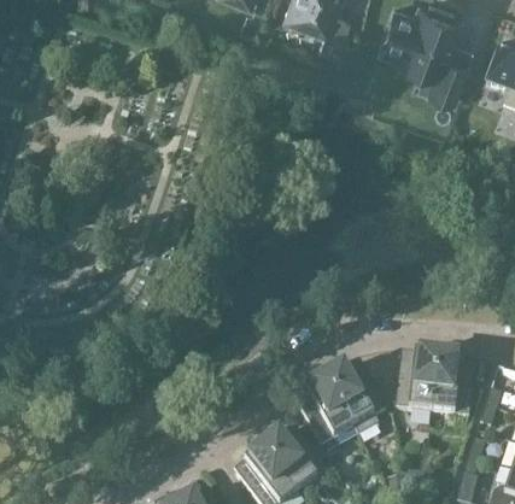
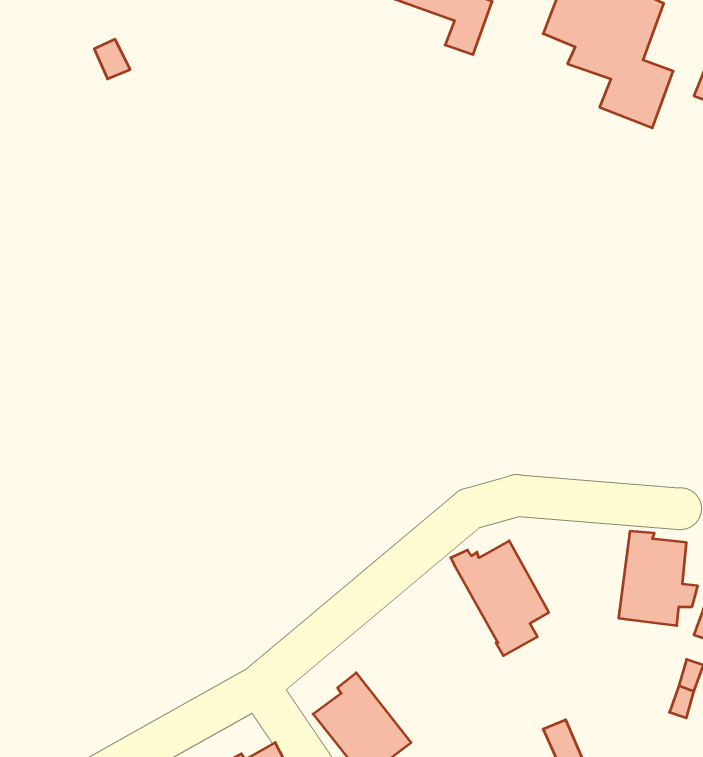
building: [394,352,439,410] -> none
building: [297,376,355,444] -> none
building: [264,426,328,490] -> none

